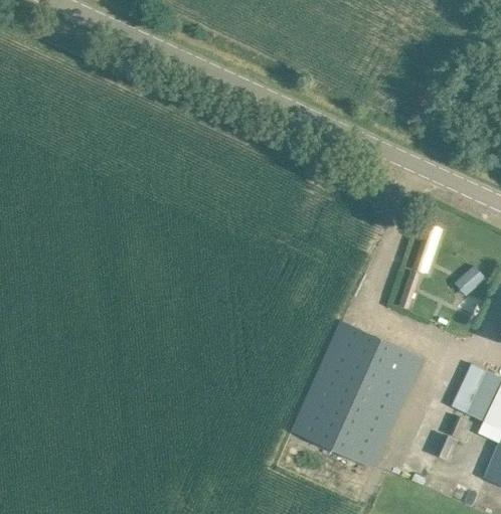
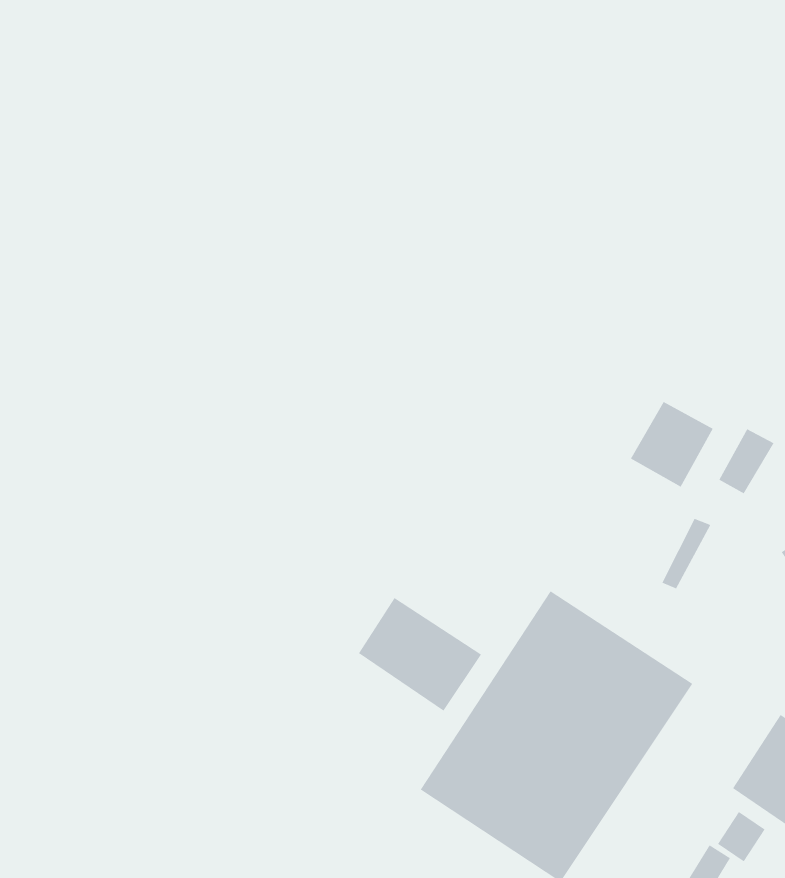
building: none -> [630,401,713,487]
building: none -> [358,597,482,711]

